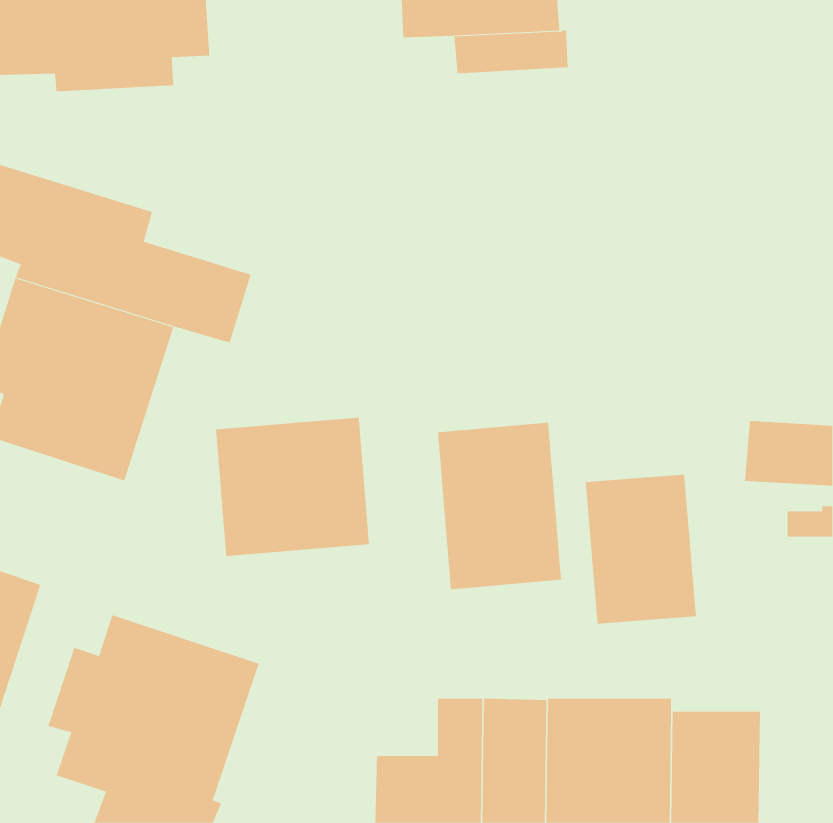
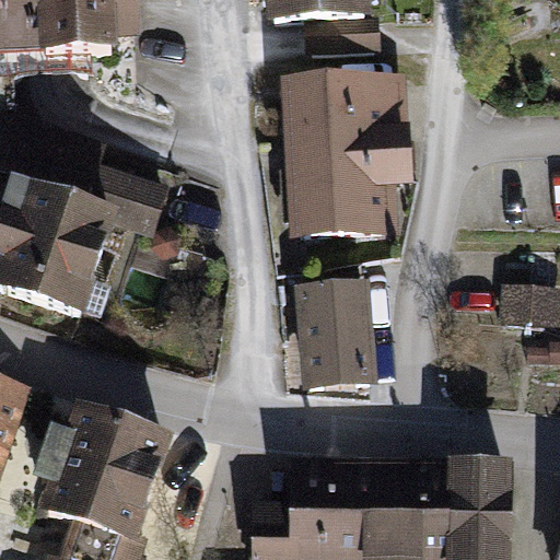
building: none -> [280,72,410,241]
building: [216,417,369,557] -> none
building: [585,474,696,625] -> none

